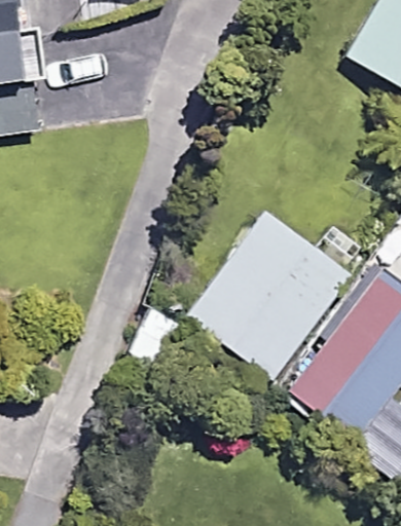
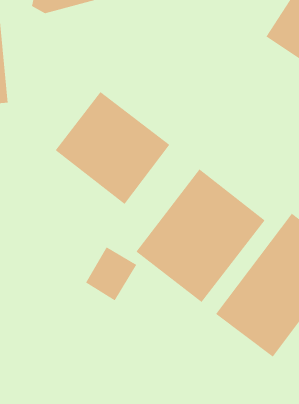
building: none -> [55,91,170,205]

